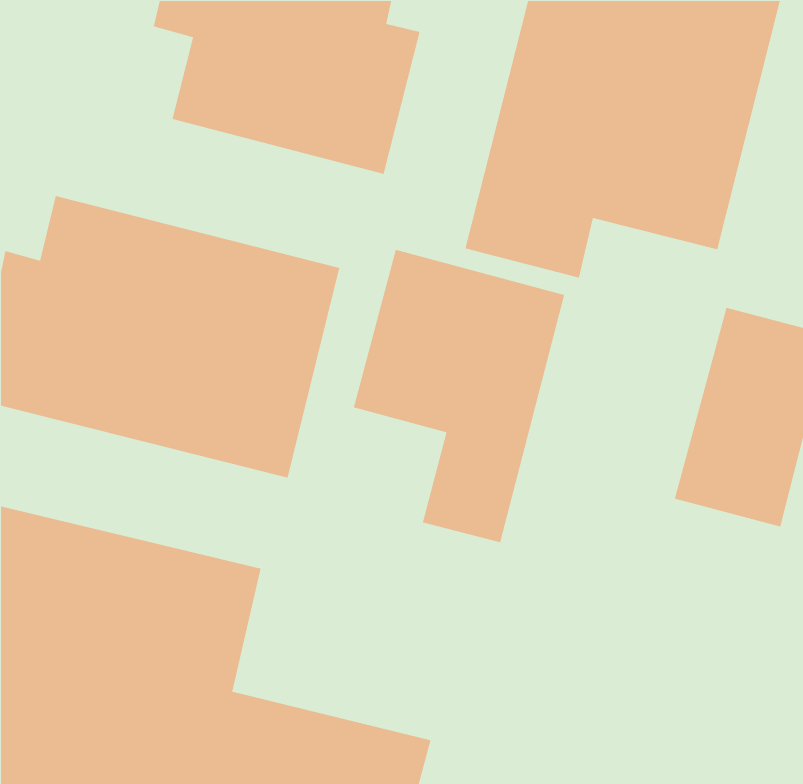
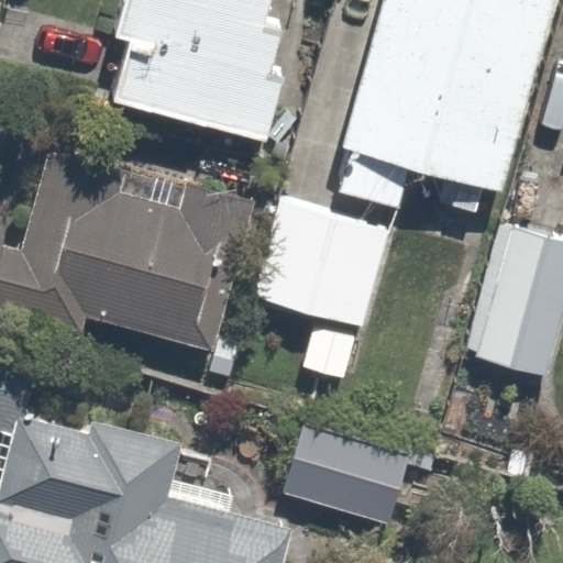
building: none -> [286,427,420,522]

